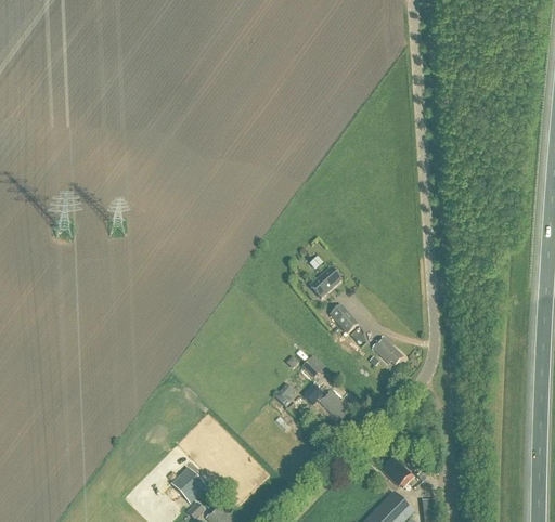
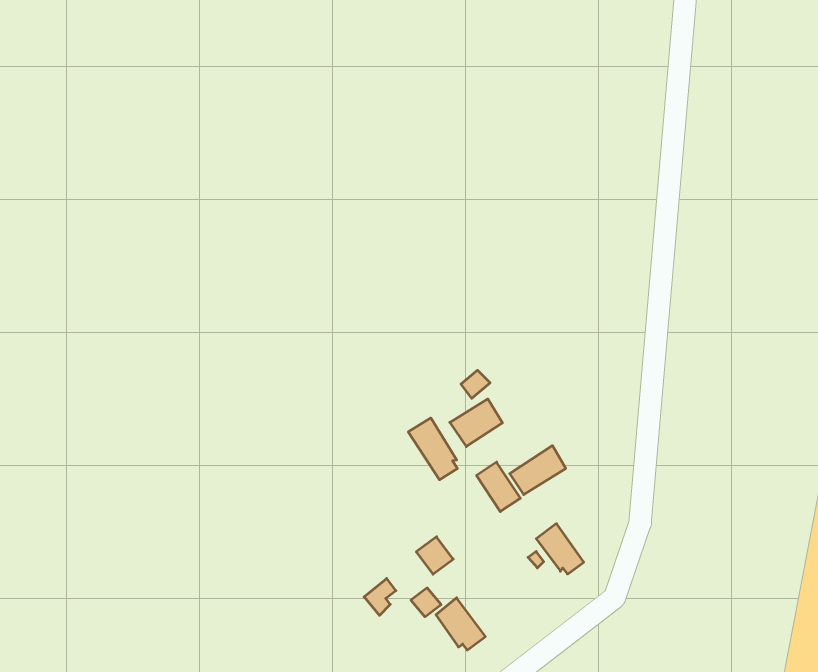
building: none -> [408,418,457,480]
building: none -> [510,446,566,495]

